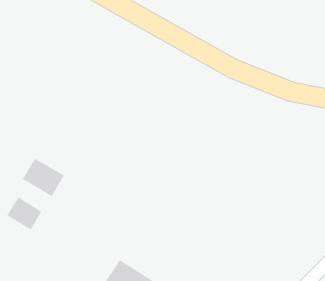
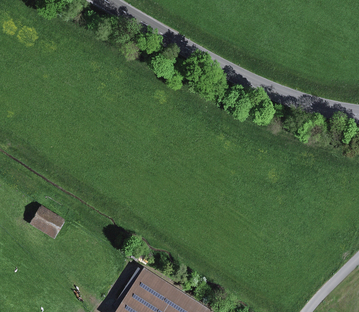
building: [22,158,65,197] -> none

